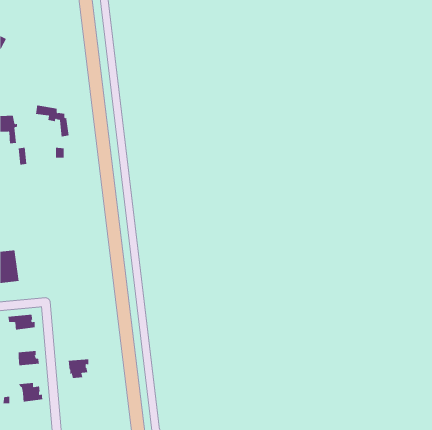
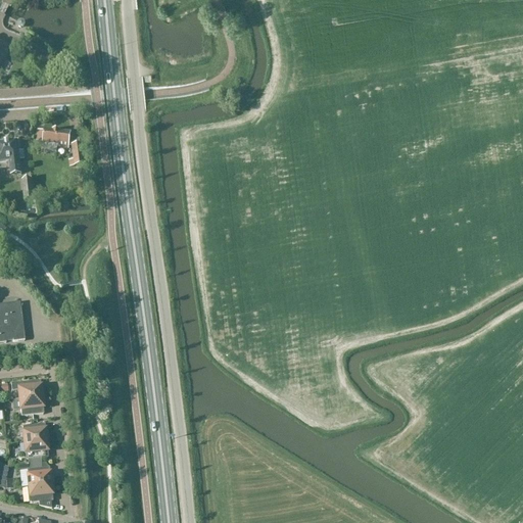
building: none -> [18,395,44,415]
building: [68,359,89,378] -> [22,439,48,463]
building: none -> [23,482,53,508]

